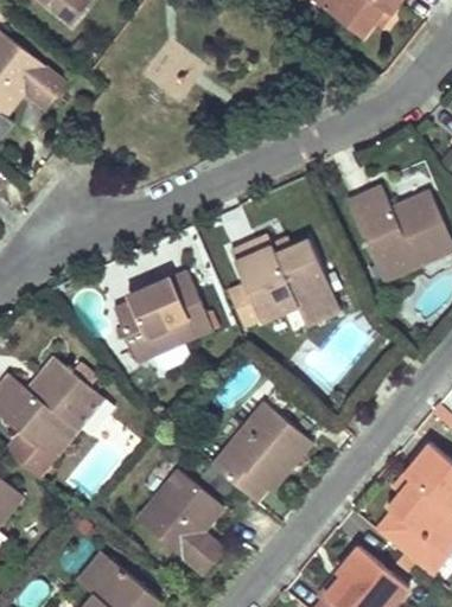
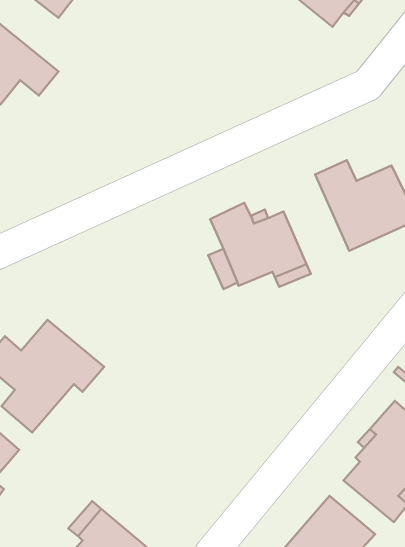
building: [113,267,212,360] -> none
building: [212,403,314,504] -> none
building: [136,469,227,576] -> none

